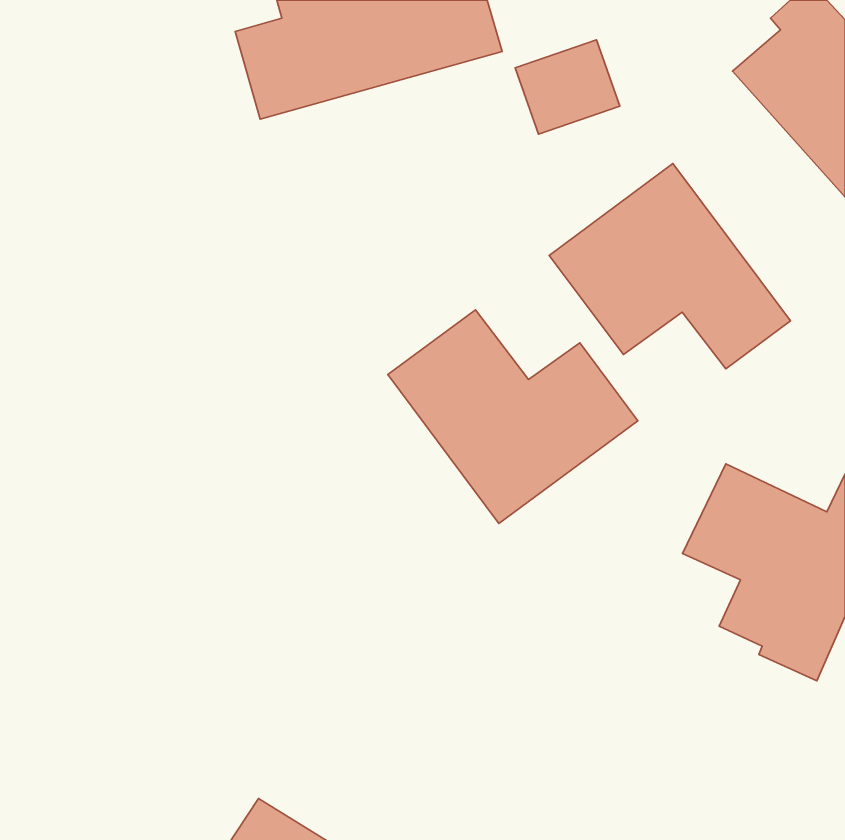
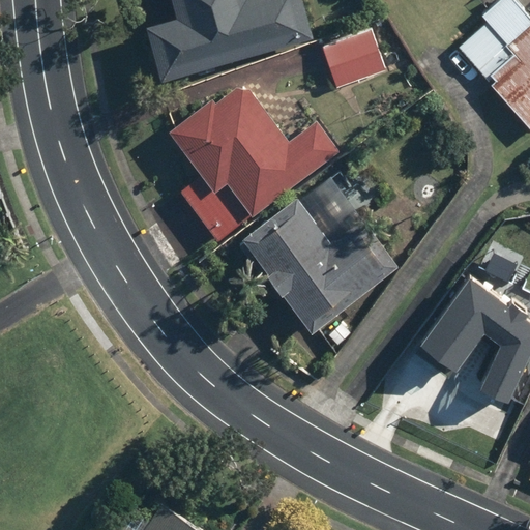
building: none -> [170,88,340,242]
building: [549,164,790,369] -> none

